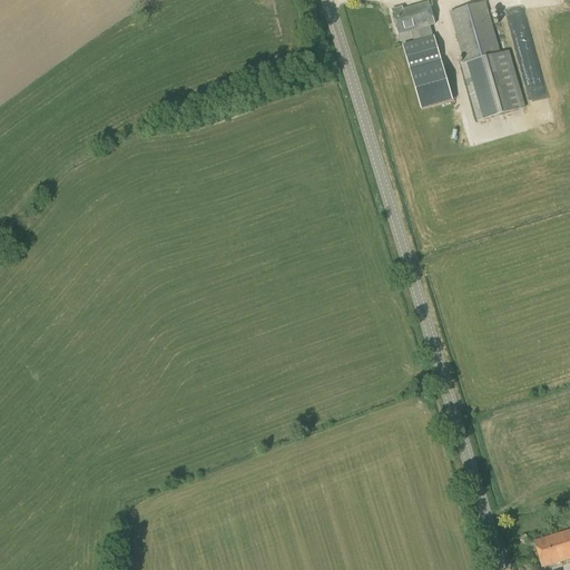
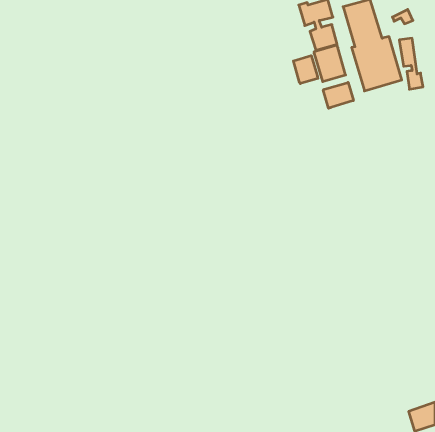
building: none -> [293,56,318,84]
building: none -> [323,82,353,108]

